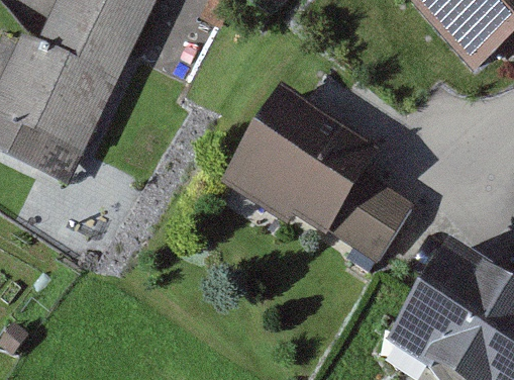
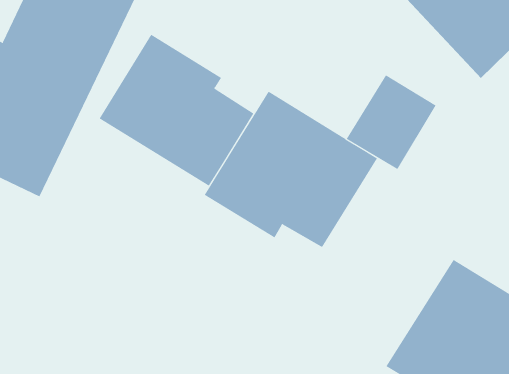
building: none -> [99,34,254,187]
building: [328,171,411,258] -> [346,75,437,170]

